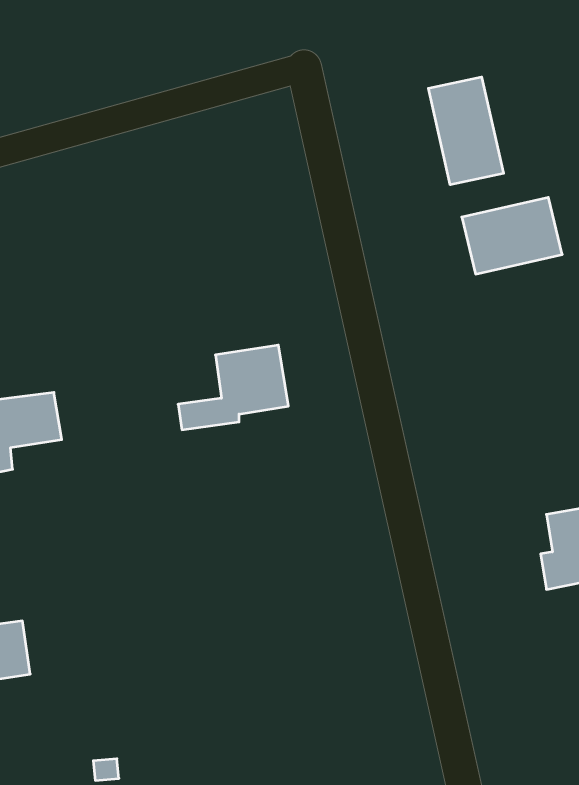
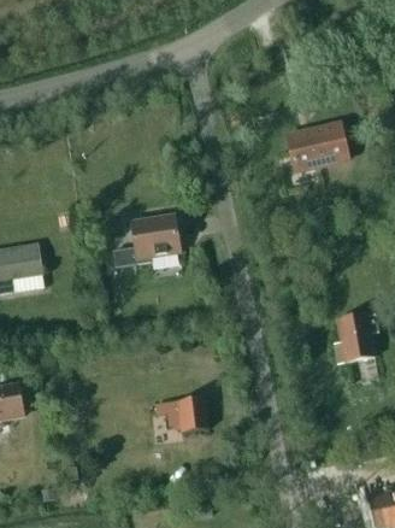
building: [428,77,504,185] -> none
building: none -> [155,398,208,430]

